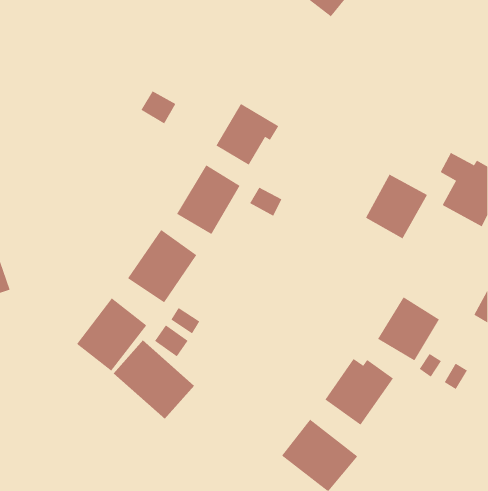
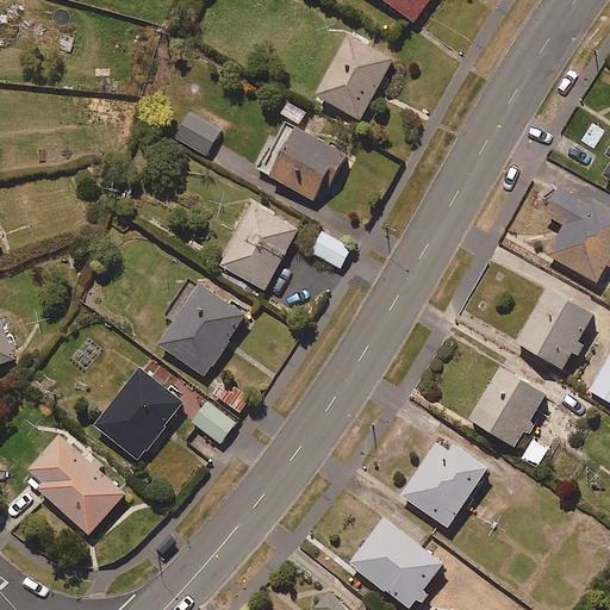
building: none -> [312,33,392,120]
building: [365,174,428,239] -> [516,288,593,369]
building: [113,340,195,420] -> [23,436,124,535]

